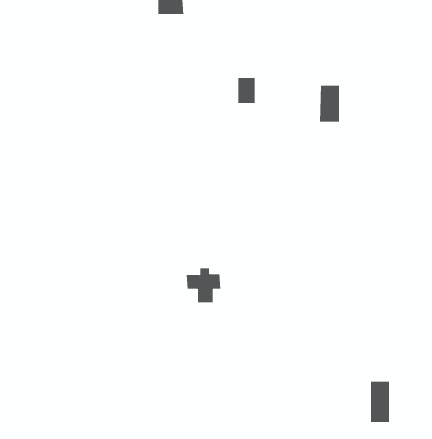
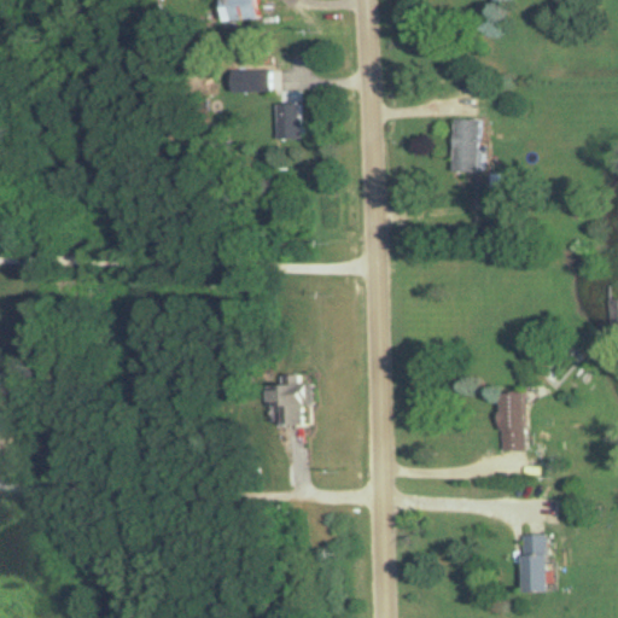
building: none -> [239,69,269,92]
building: [238,78,256,103] -> [273,104,298,140]
building: none -> [497,392,525,450]

